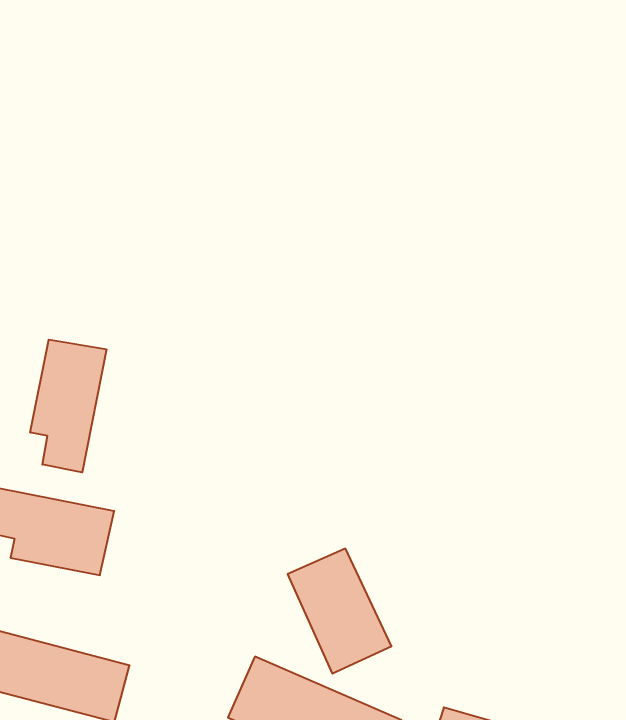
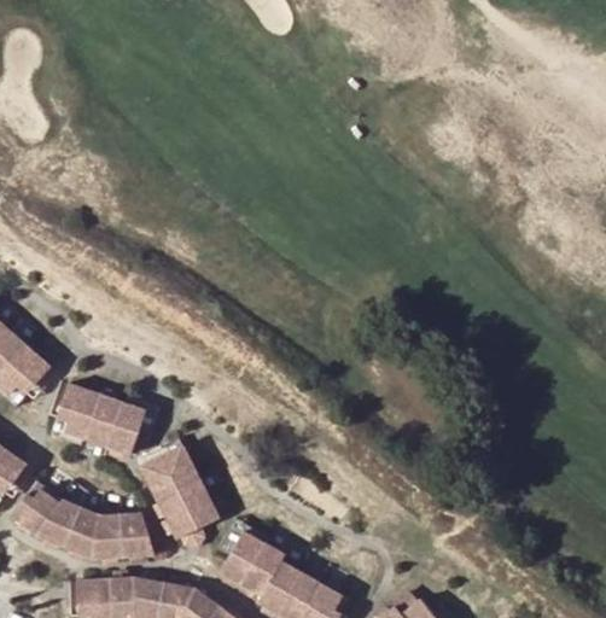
building: [30,340,106,472] -> none
building: [288,549,392,674] -> [141,445,215,541]

